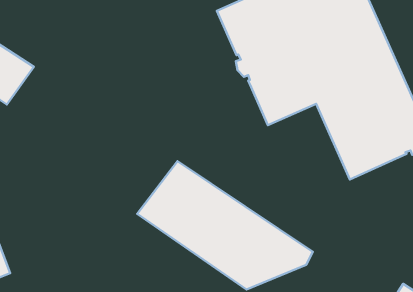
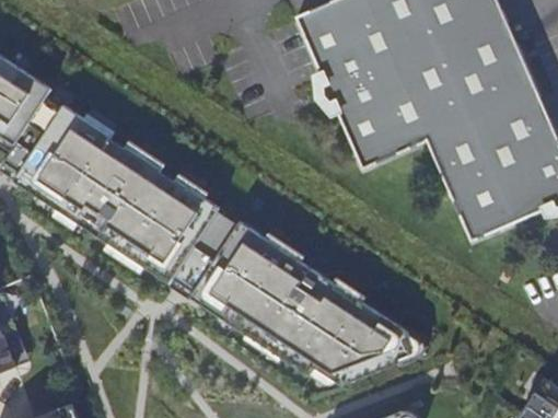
building: none -> [13,101,222,282]

